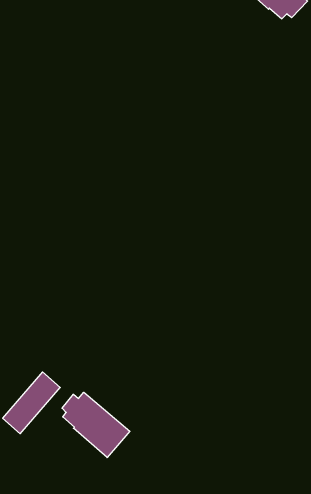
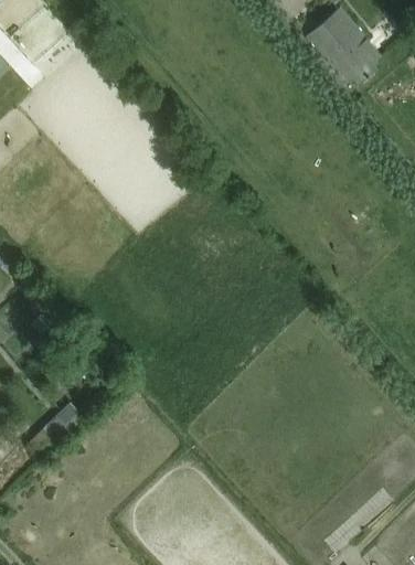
building: [62,392,130,458] -> none

